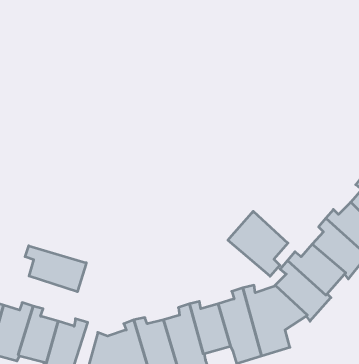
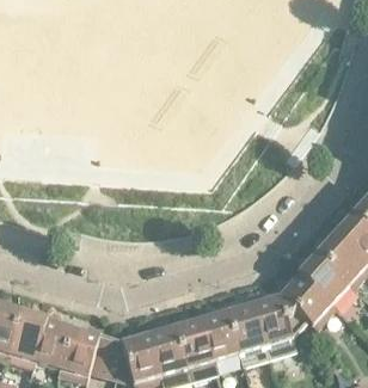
building: [228,211,288,276] -> none
building: [25,246,86,292] -> none

